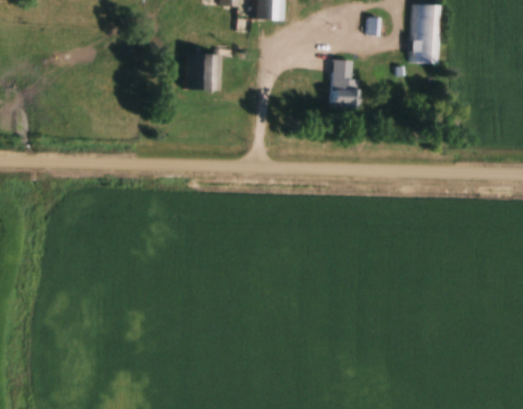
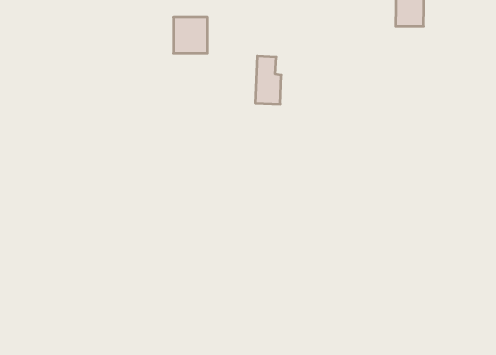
building: [331,59,357,108] -> [255,56,281,104]

